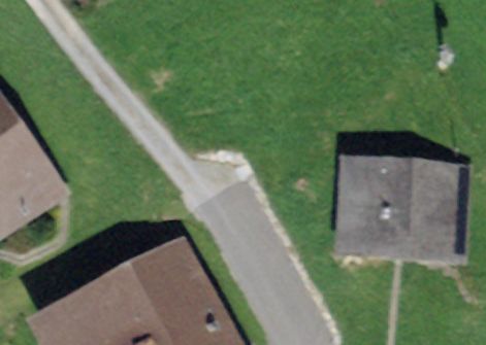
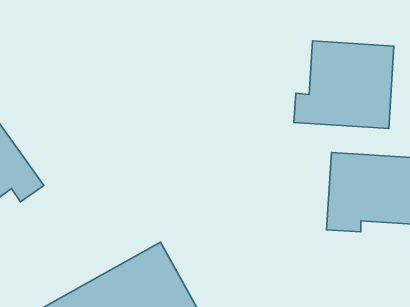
building: none -> [294,41,394,128]

